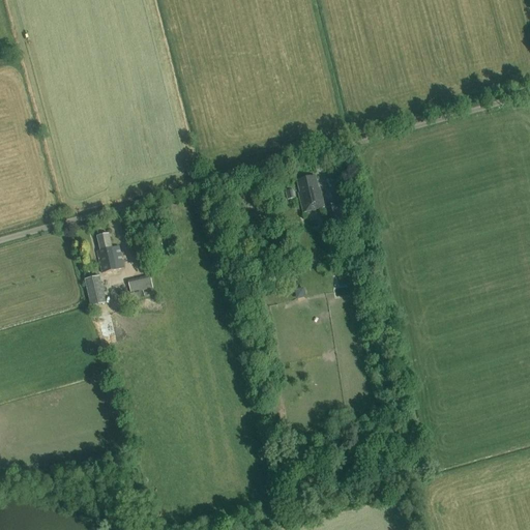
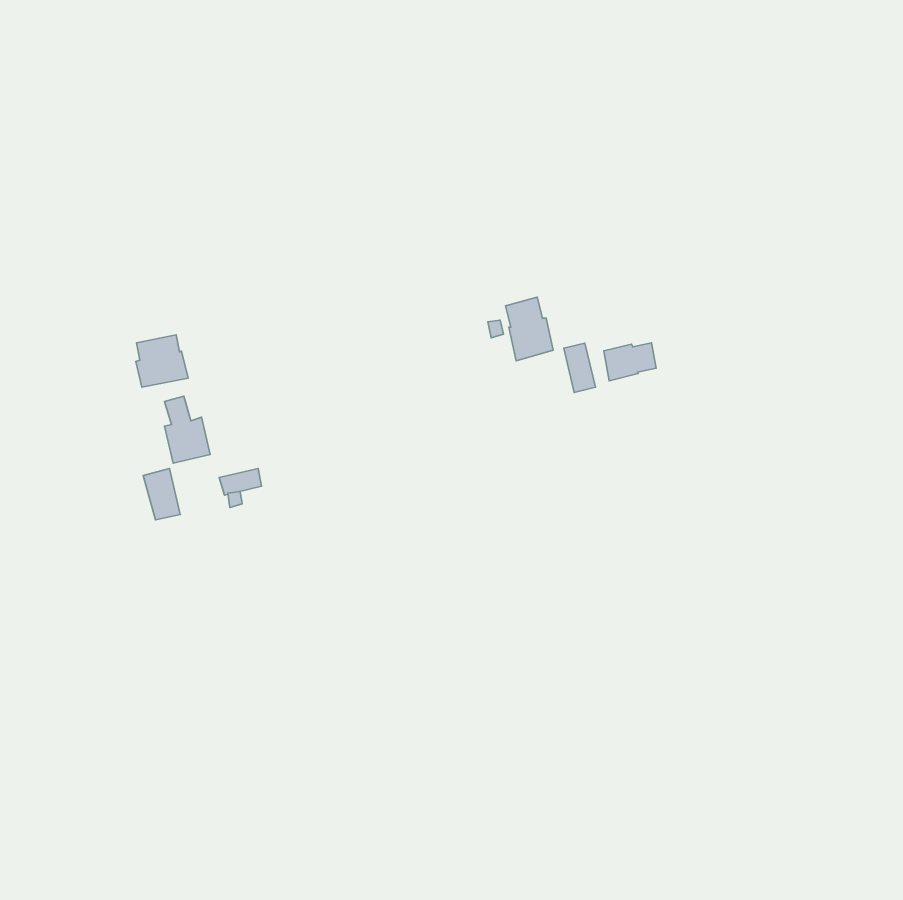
building: none -> [136,335,188,387]
building: none -> [604,343,656,381]

